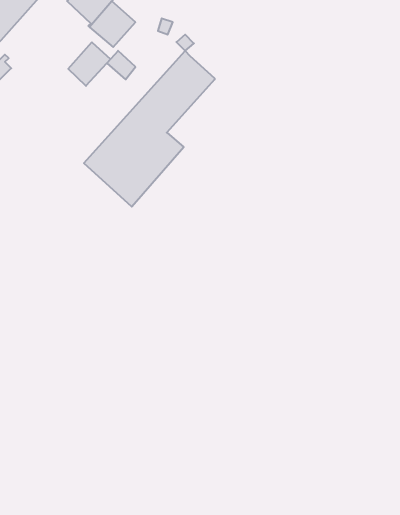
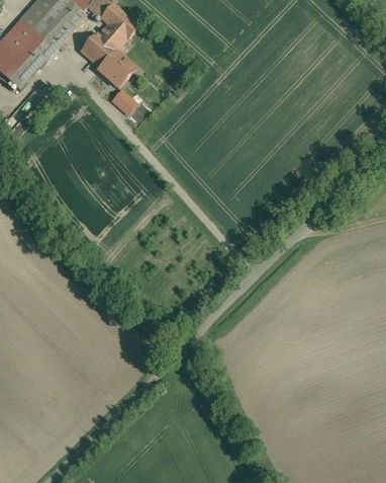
building: [68,42,111,86] -> none
building: [84,51,215,207] -> none

